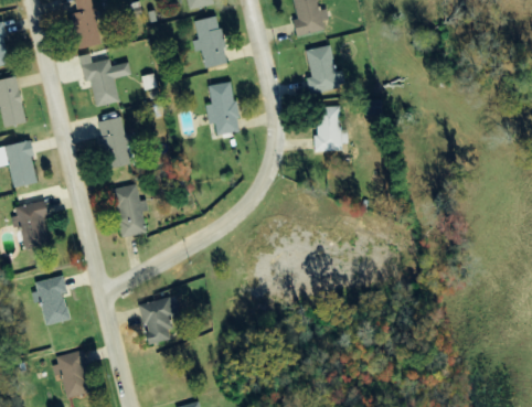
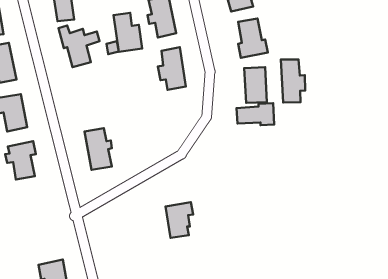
building: none -> [281,59,305,102]
building: [100,118,137,168] -> [114,13,142,52]
building: none -> [237,103,274,125]
building: [31,276,71,325] -> none
building: [140,298,175,343] -> [165,202,193,238]

